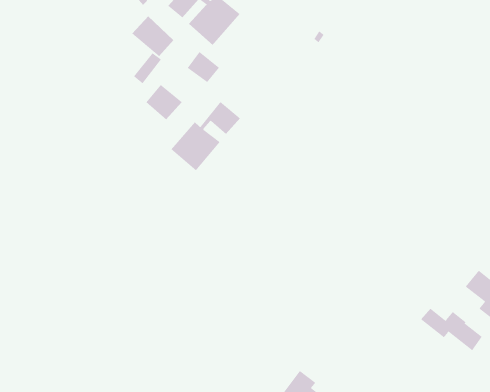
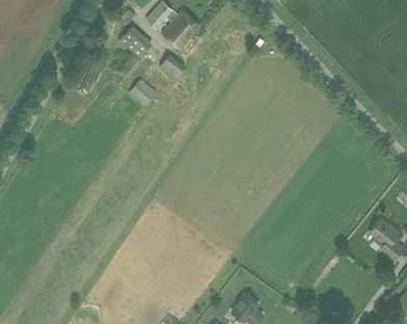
building: [171,101,241,171] -> none
building: [420,308,483,351] -> none

